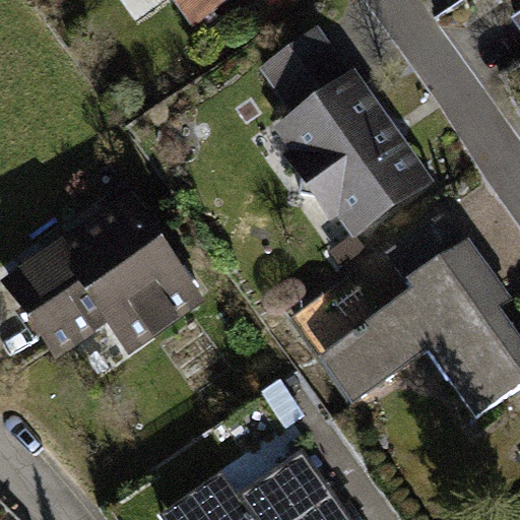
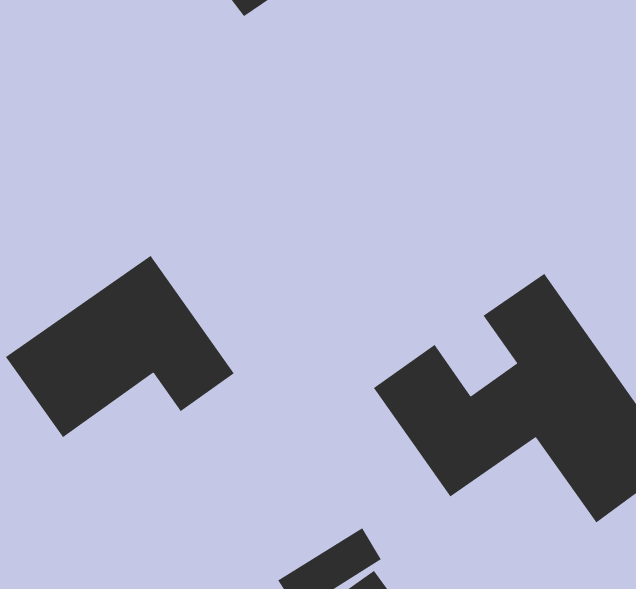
building: [272,42,425,232] -> none

